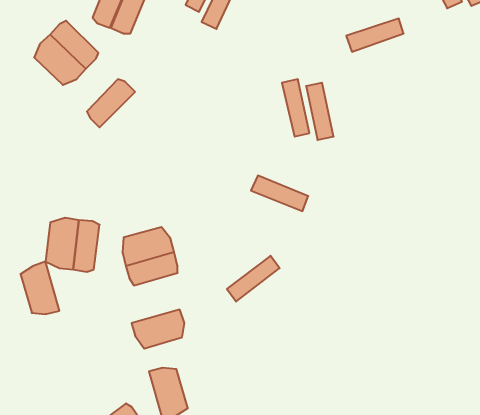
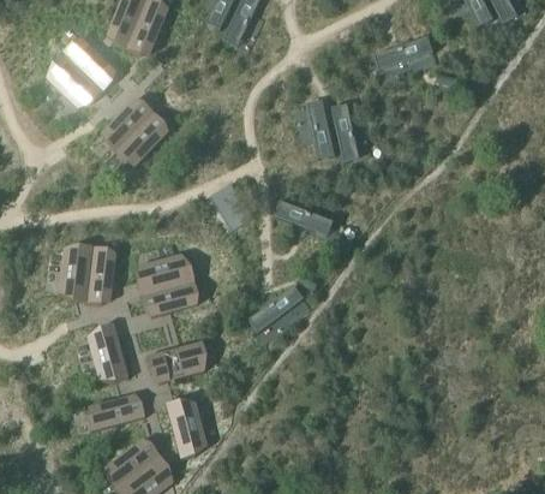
building: none -> [116,113,166,163]
building: [20,261,59,314] -> [86,322,127,377]
building: none -> [88,394,142,428]

